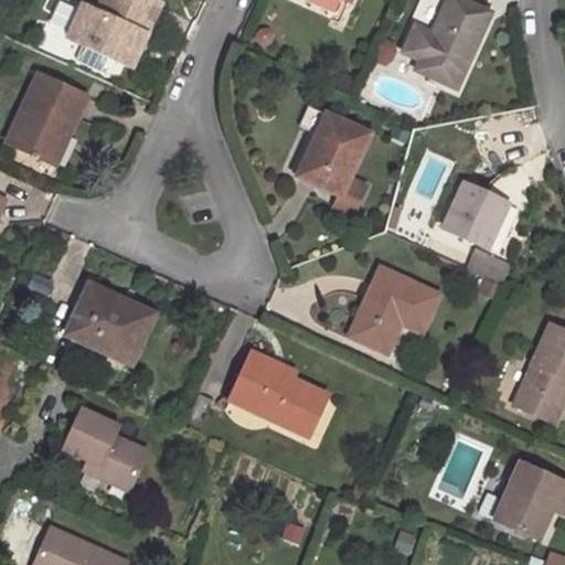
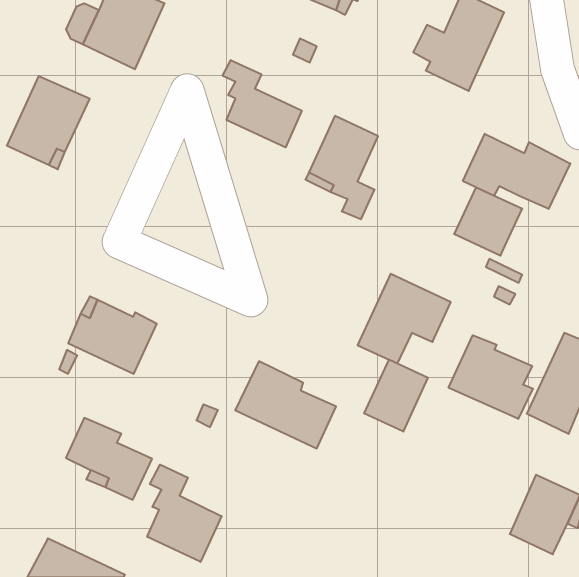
building: none -> [223,60,302,147]
building: none -> [463,134,570,209]
building: none -> [449,335,533,419]
building: none -> [364,360,428,432]
building: none -> [147,465,222,562]

